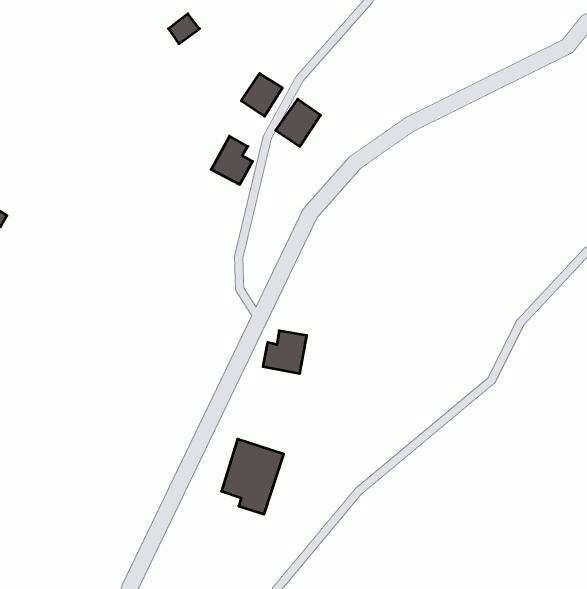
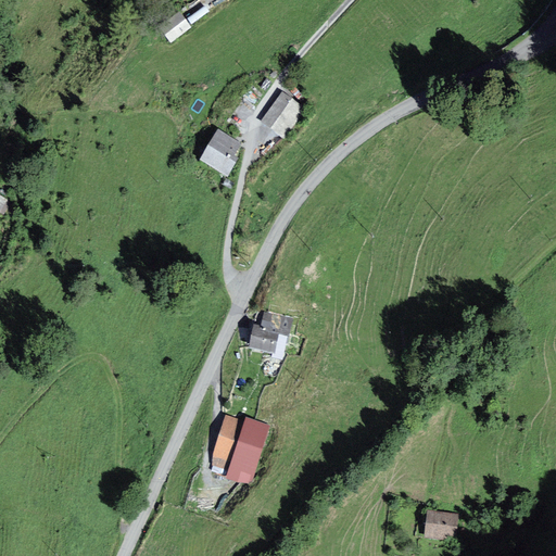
building: [241,73,282,116] -> none
building: none -> [422,509,456,540]

